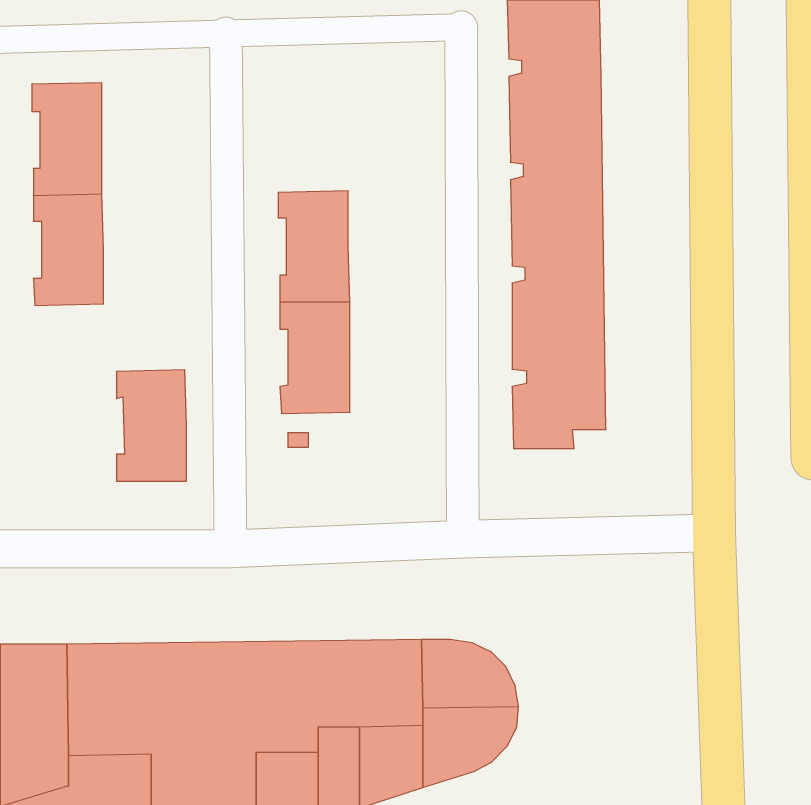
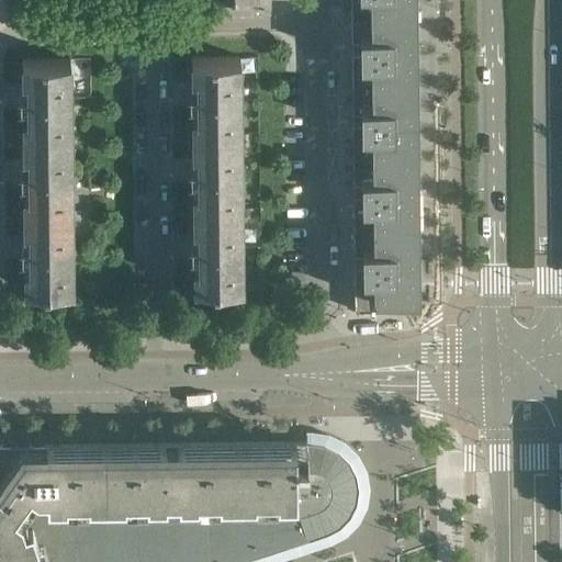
building: none -> [193,61,241,138]
building: [116,370,186,481] -> [25,215,74,292]

